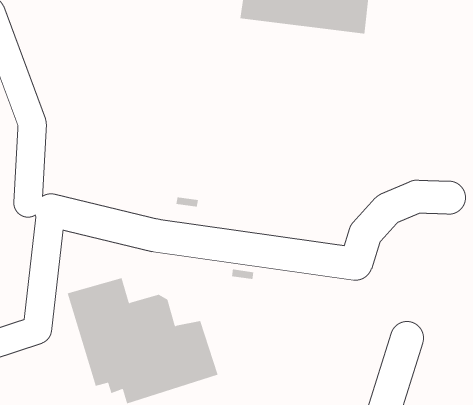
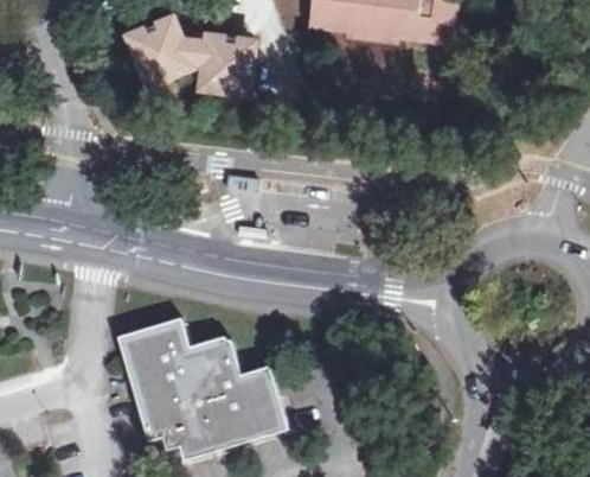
building: none -> [128,17,259,96]

